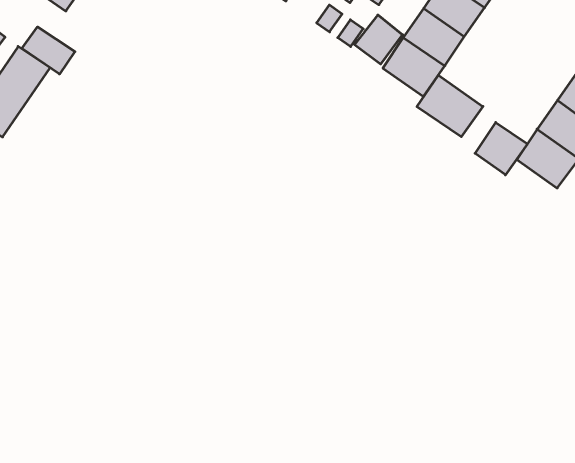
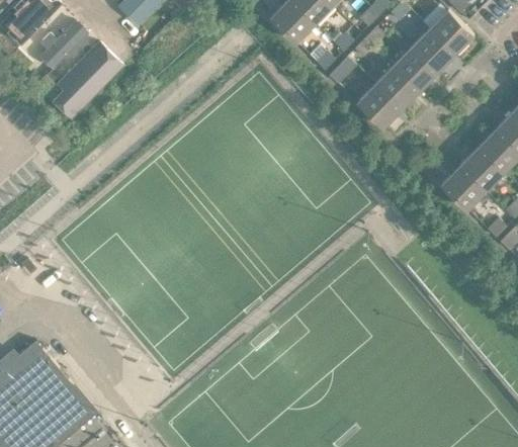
building: [22,27,75,74] -> none
building: [417,75,483,137] -> none
building: [475,122,527,175] -> none

